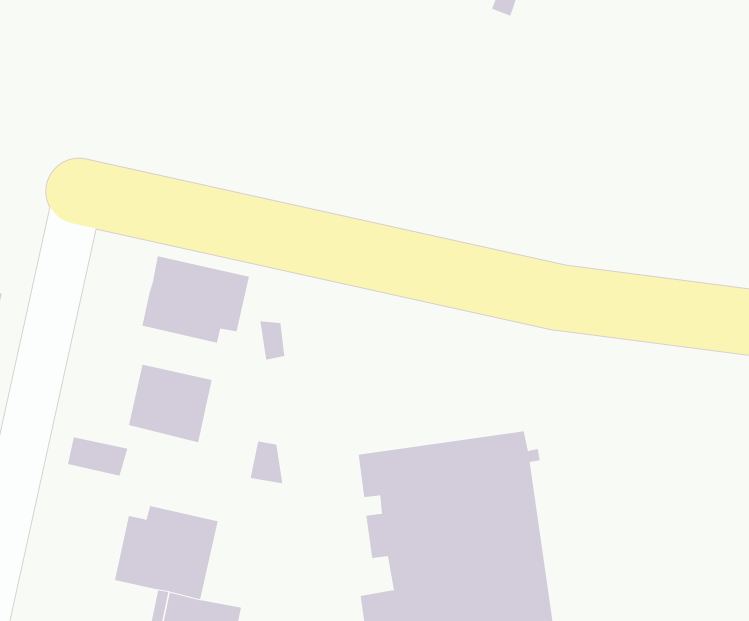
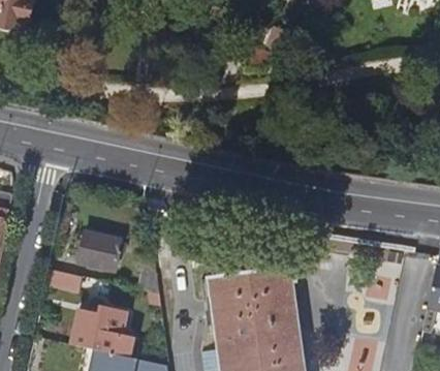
building: [142,255,249,344] -> none

